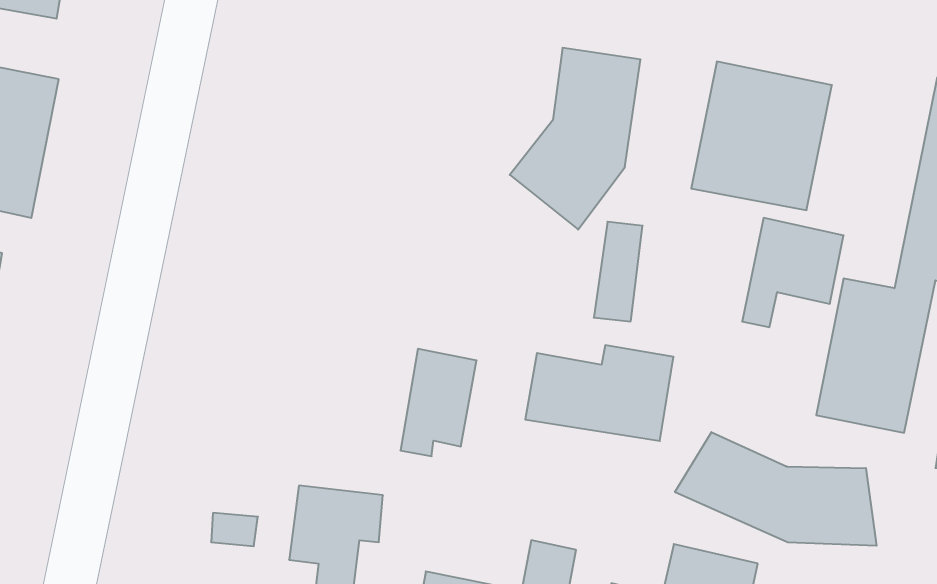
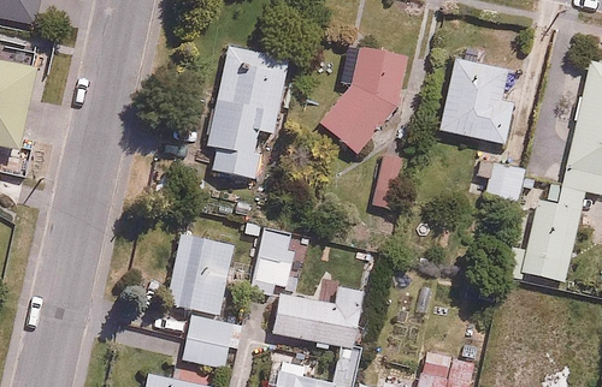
building: none -> [206,44,288,196]
building: [525,345,674,441] -> [272,286,364,345]
building: none -> [169,236,231,312]
building: [675,432,877,546] -> none

